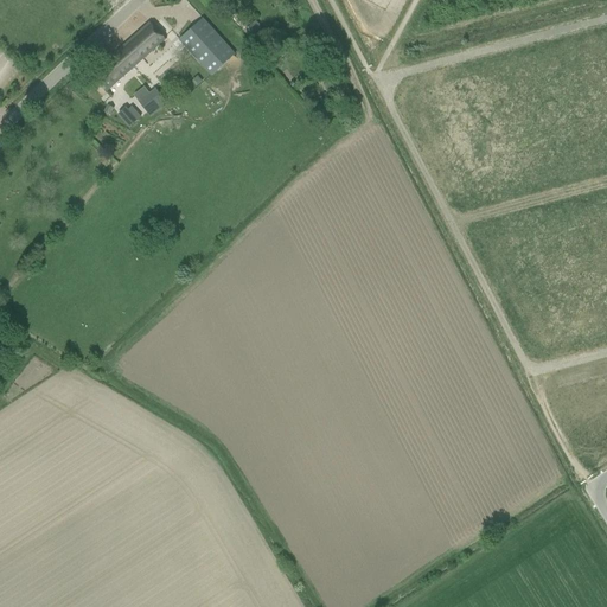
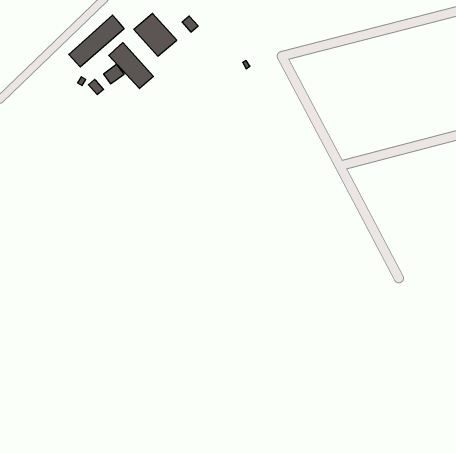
building: none -> [109,43,153,89]

